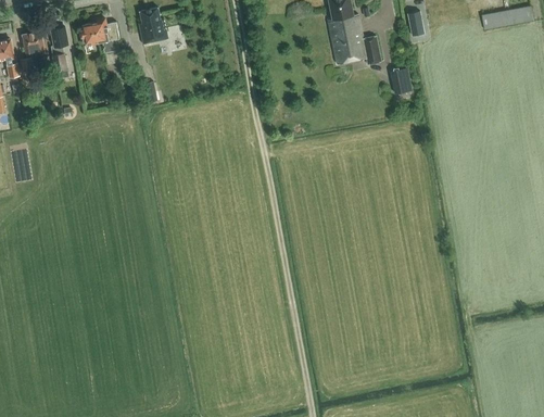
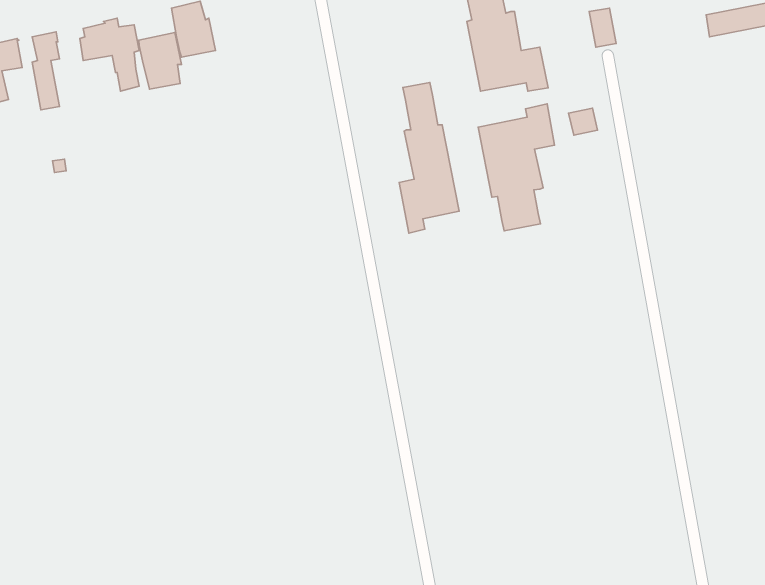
building: none -> [139,32,182,89]
building: none -> [399,83,459,233]
building: none -> [478,104,554,231]

